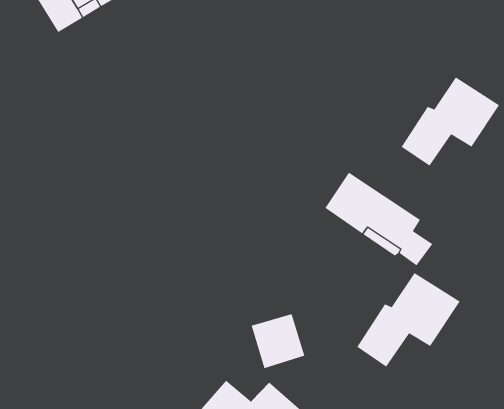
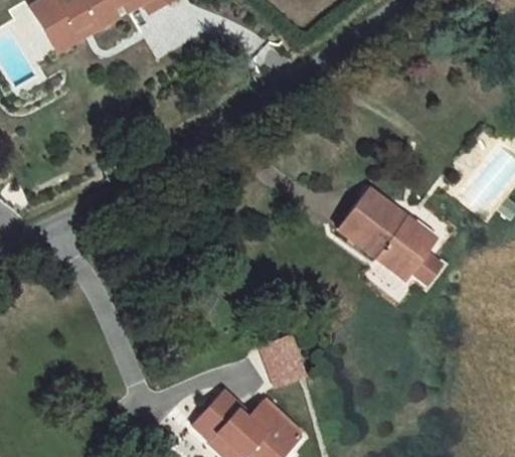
building: [401,77,500,167] -> none
building: [356,272,461,367] -> none

